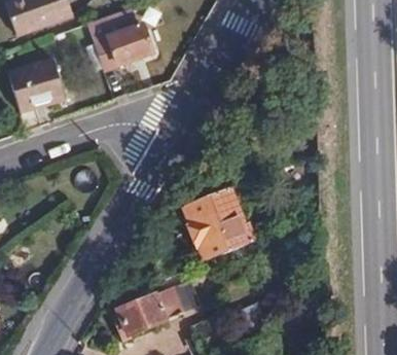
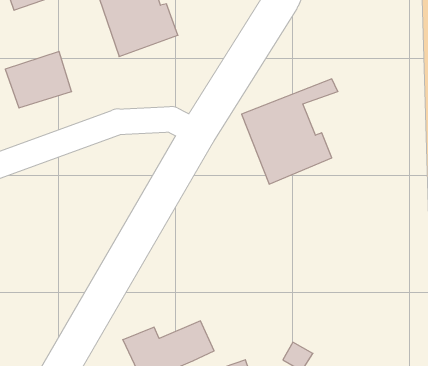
building: [182,176,261,262] -> [242,79,338,184]

